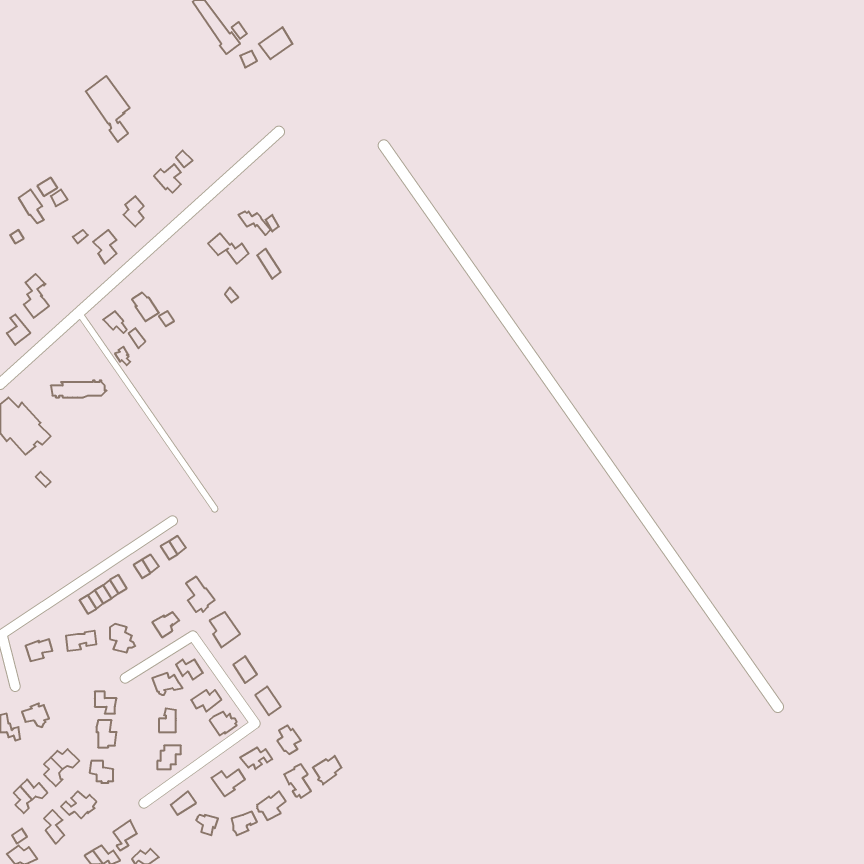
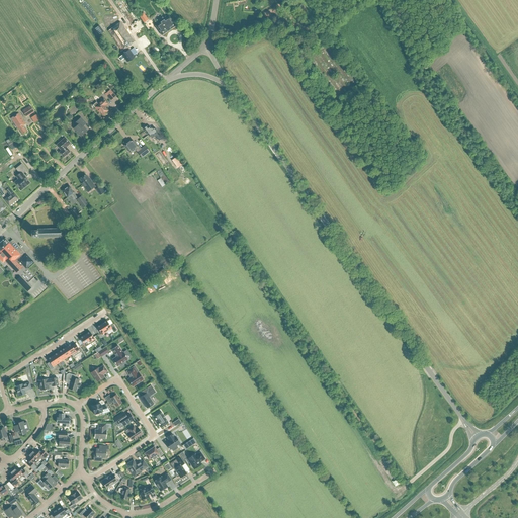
building: [86,76,130,142] -> [108,22,135,62]

